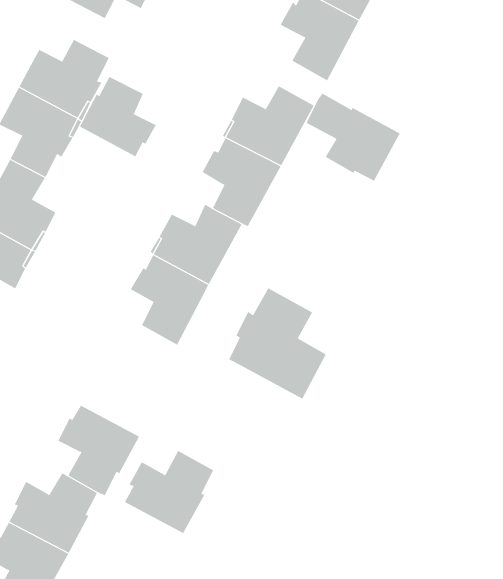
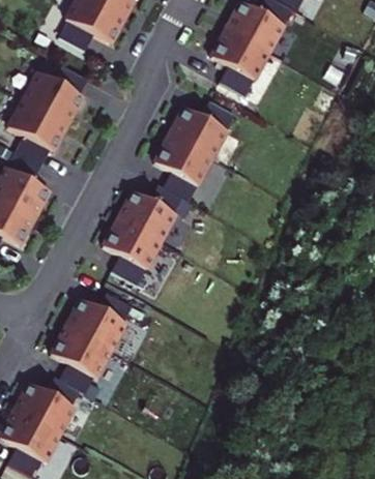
building: [79,76,156,157] -> none
building: [306,93,401,181] -> none
building: [228,288,327,399] -> none
building: [124,450,214,534] -> [66,291,131,351]

